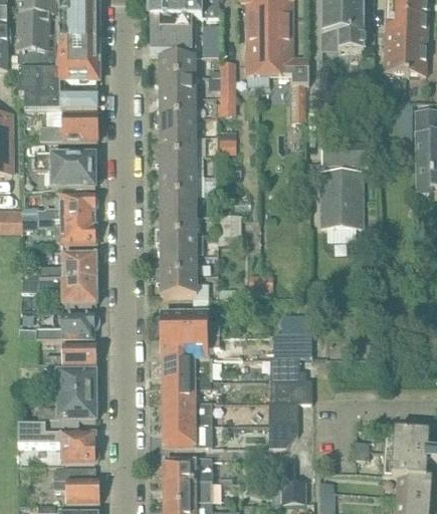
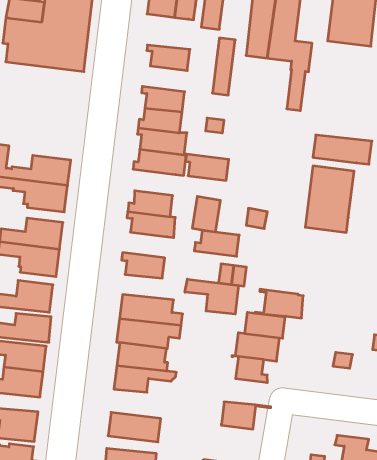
building: [155,56,195,78] -> none
building: [155,97,195,117] -> none
building: [40,114,97,142] -> none
building: [35,154,95,188] -> none
building: [156,196,196,216] -> [186,154,229,180]
building: [156,255,196,275] -> [194,230,239,256]
building: none -> [185,279,238,314]
building: [268,379,312,403] -> [255,289,303,318]
building: [164,403,211,426] -> none
building: [268,425,298,448] -> none

